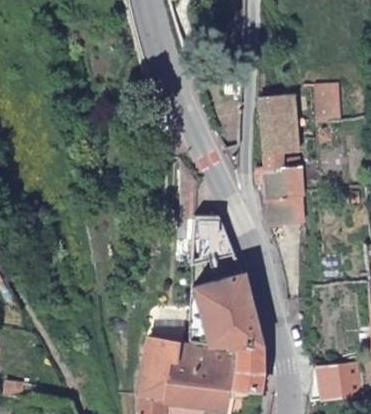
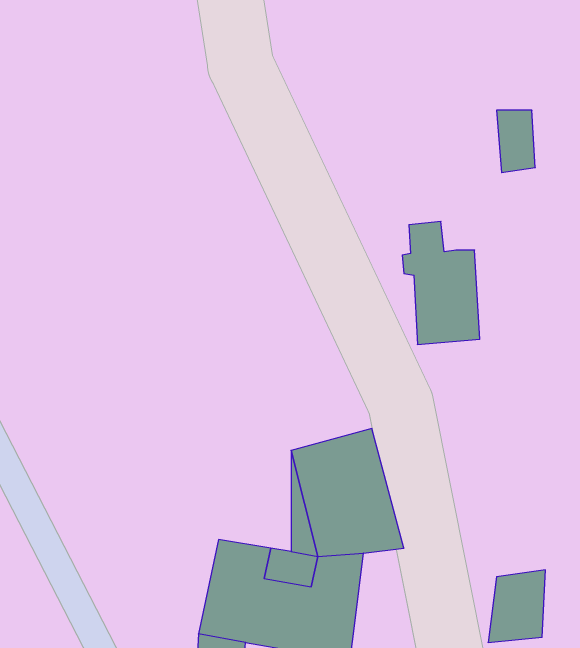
building: [262,95,300,153] -> none
building: [195,215,235,264] -> none
building: [233,345,264,391] -> none

